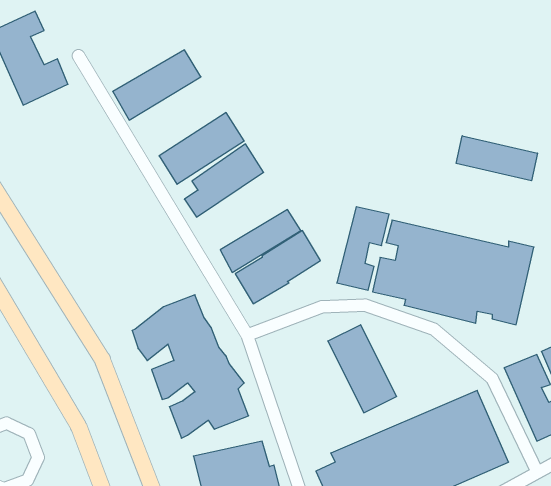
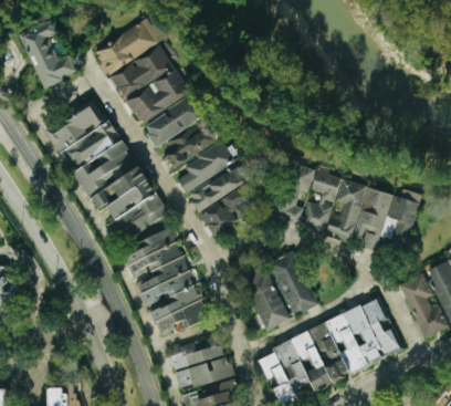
building: none -> [93,20,167,73]
building: none -> [125,70,190,123]
building: none -> [46,97,166,243]
building: [456,136,537,181] -> none
building: none -> [177,140,234,192]
building: none -> [243,272,289,331]

